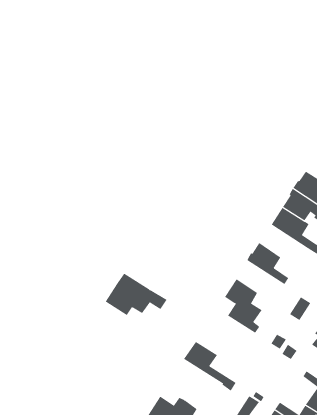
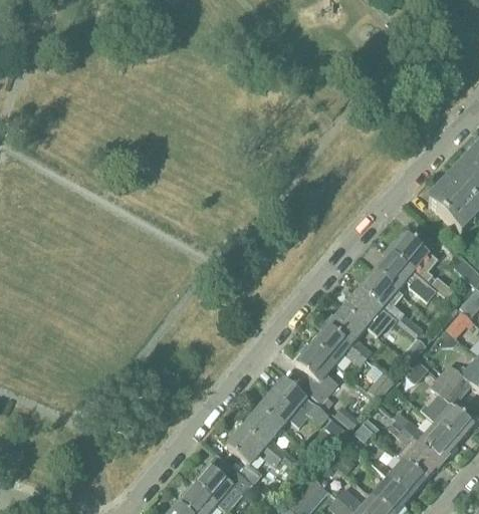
building: none -> [342,288,397,328]
building: none -> [312,324,366,365]
building: [105,273,168,316] -> [258,378,328,427]
building: none -> [227,426,282,484]

